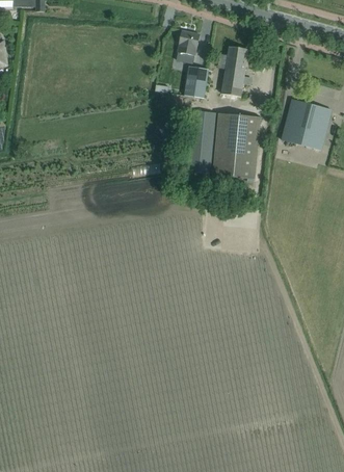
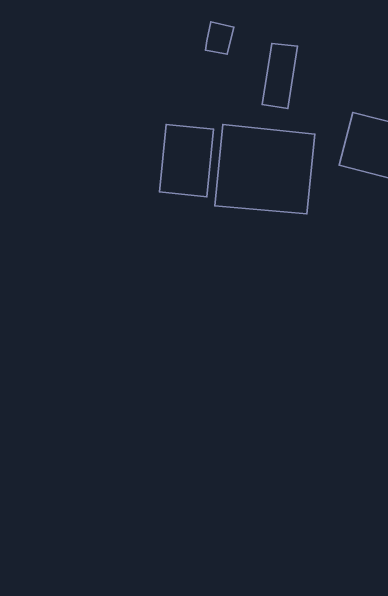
building: [183,65,208,97] -> none
building: none -> [160,124,214,197]

